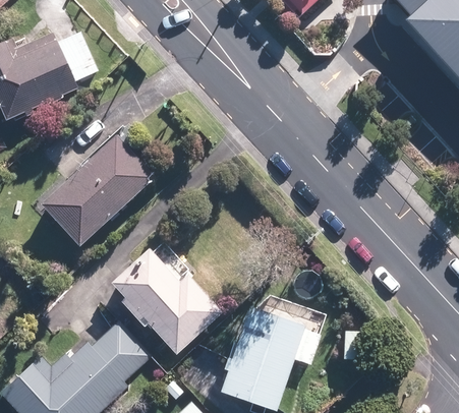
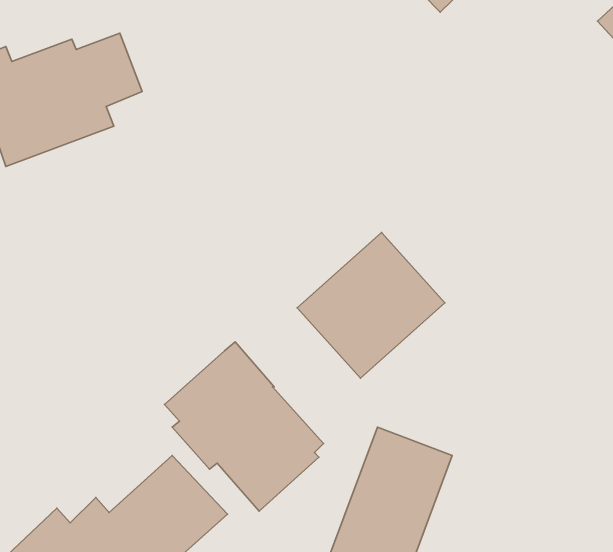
building: [45,131,163,246] -> none
building: none -> [297,232,445,378]

